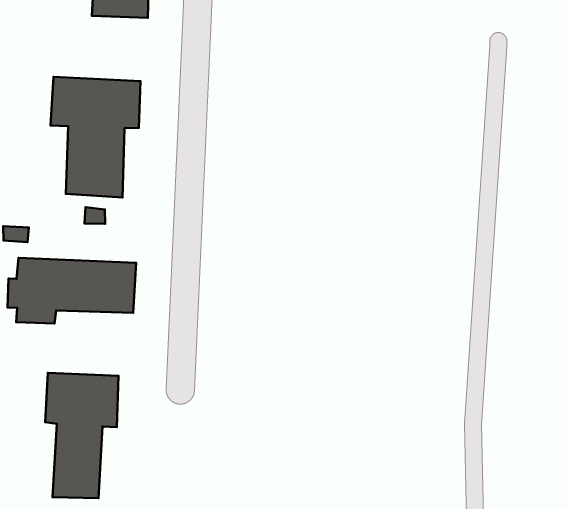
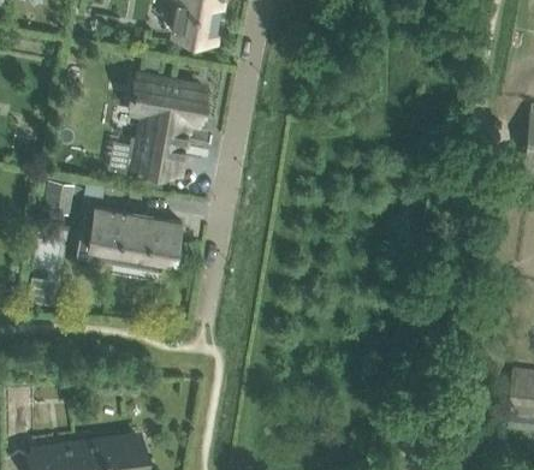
building: [45,373,119,498] -> none

